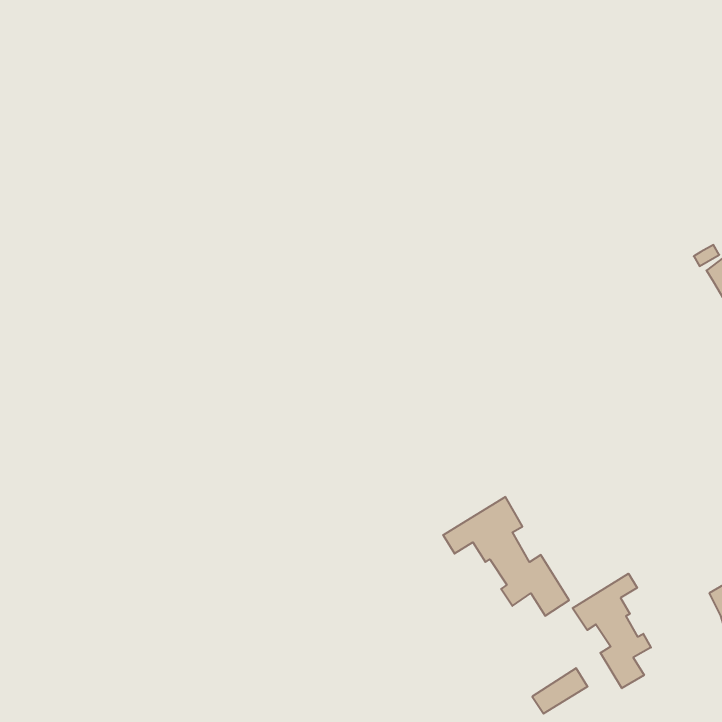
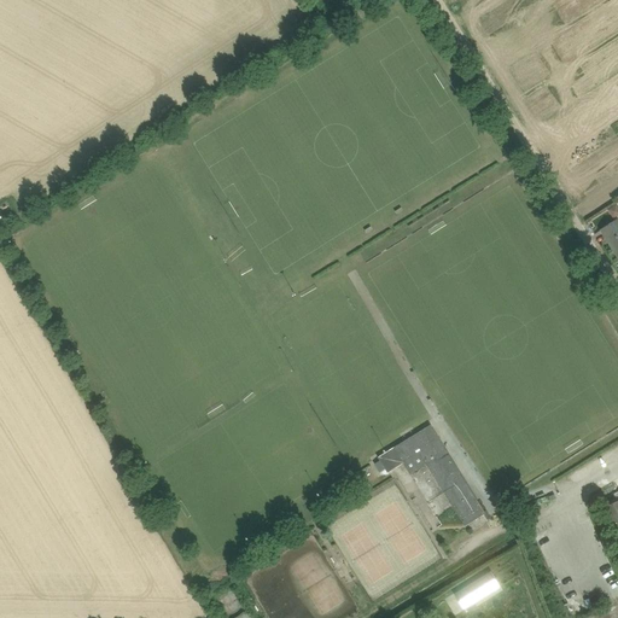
building: [573,574,651,688] -> none

